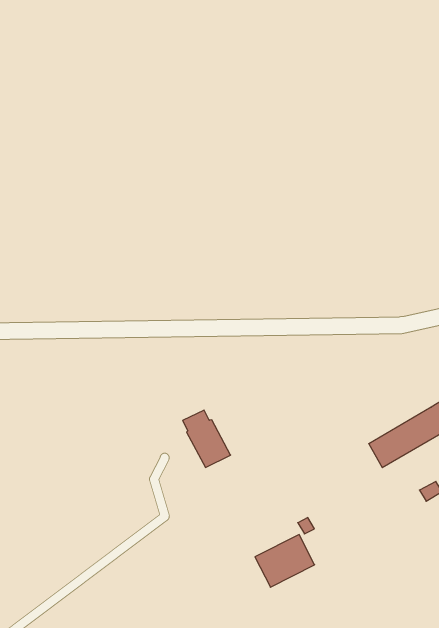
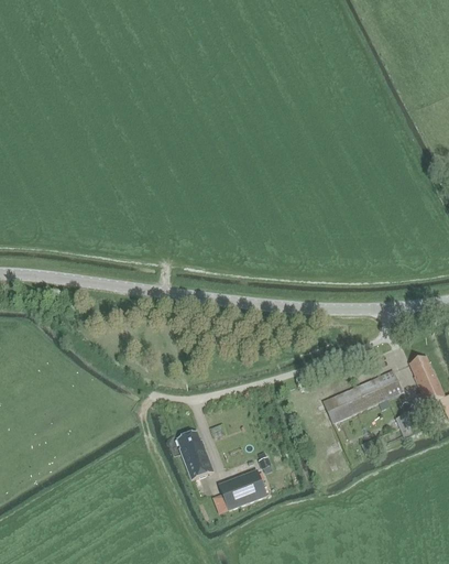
building: [183,410,231,467] -> [176,431,212,478]

